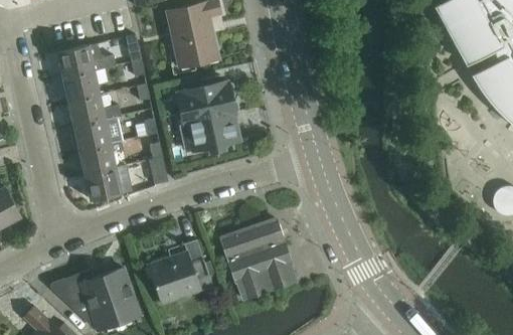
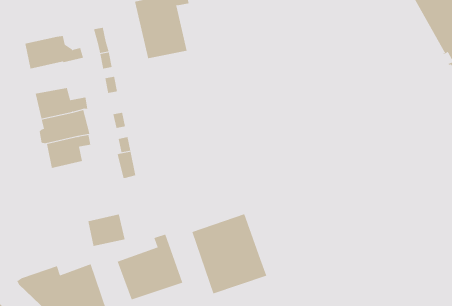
building: [62,70,100,102] -> none
building: [176,75,238,151] -> none
building: [83,168,121,200] -> [88,214,125,247]

